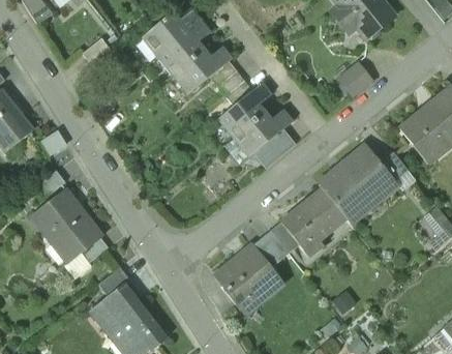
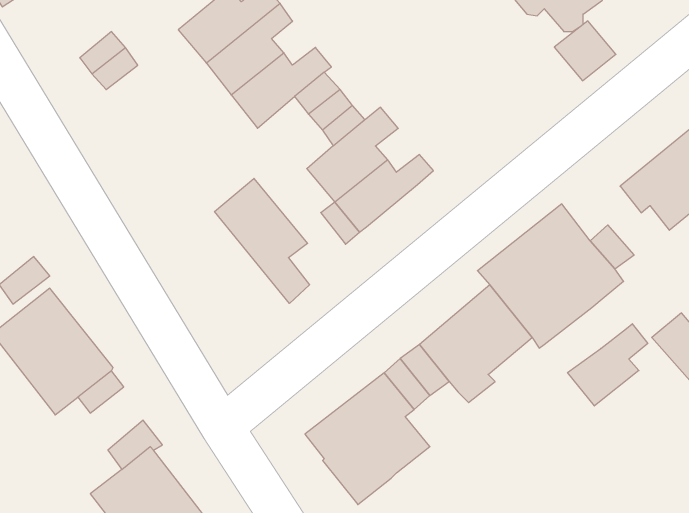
building: [336,62,372,97] -> [554,21,616,81]
building: none -> [215,178,310,303]
building: [250,128,294,170] -> none
building: none -> [568,324,648,406]

